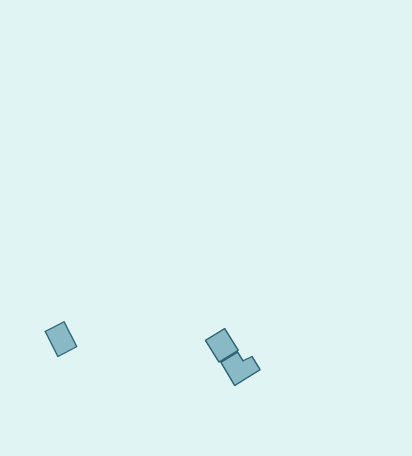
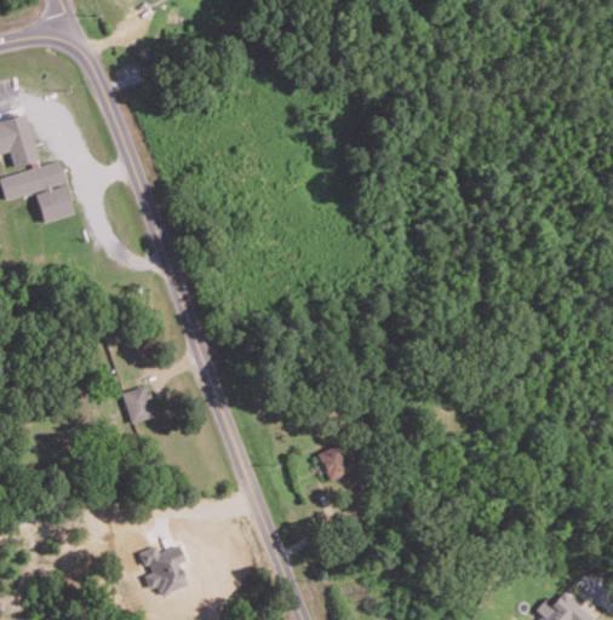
building: [206,329,238,362] -> none

